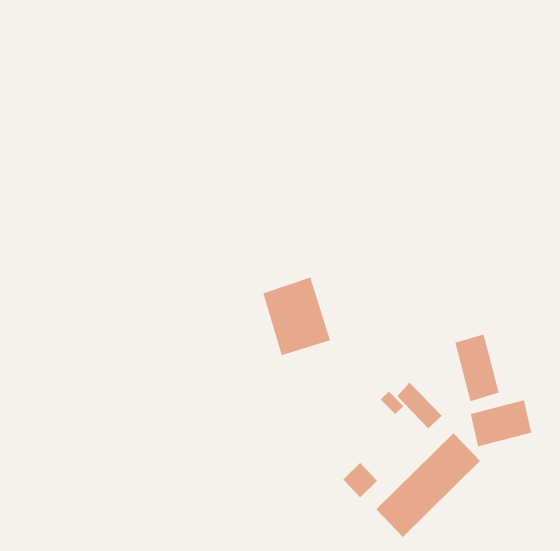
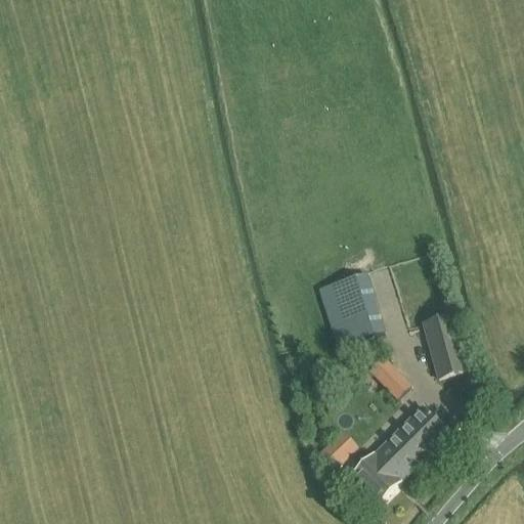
building: [263,277,331,356] -> [319,271,383,345]
building: [470,400,532,447] -> none

